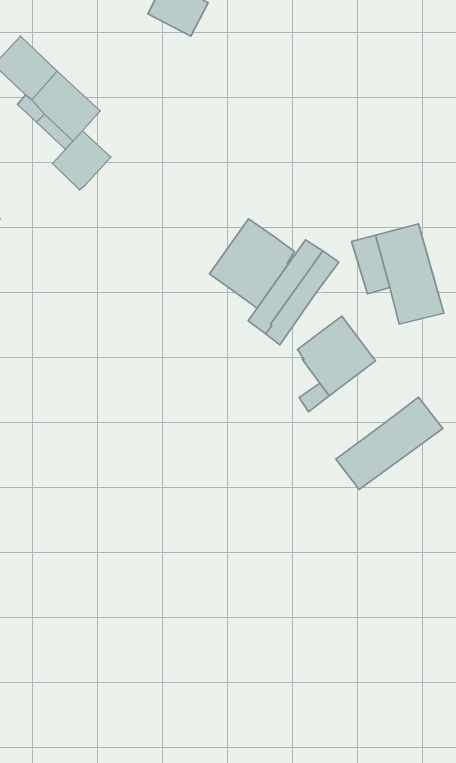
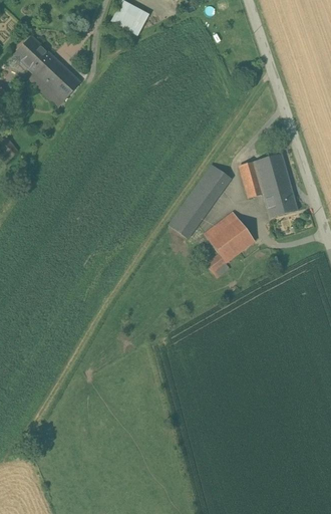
building: [53,131,111,190] -> none
building: [209,219,295,308] -> none
building: [336,397,443,490] -> none

